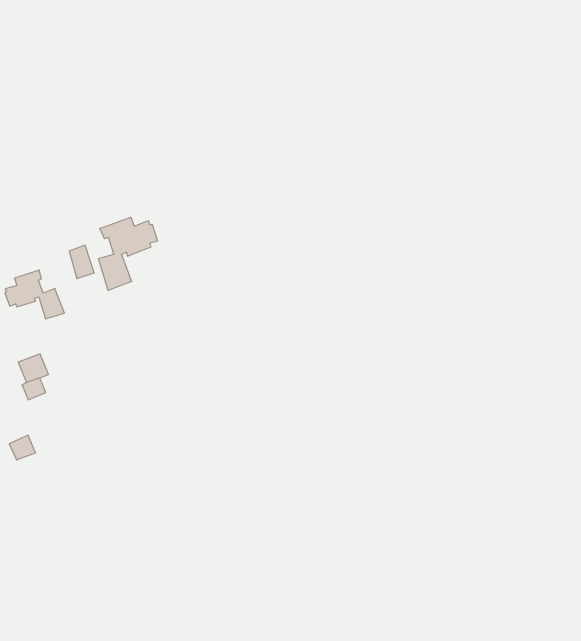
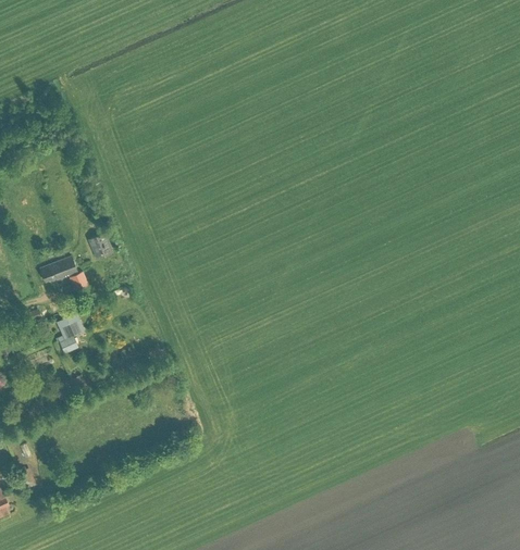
building: [98,217,158,291] -> none

